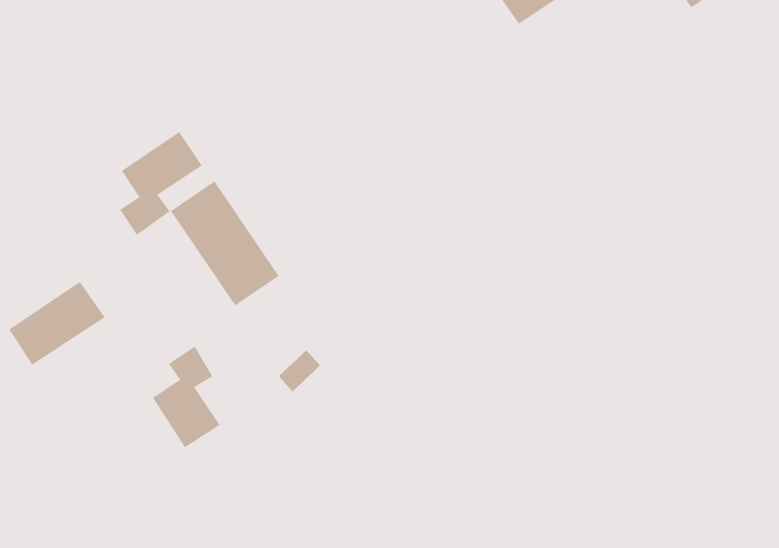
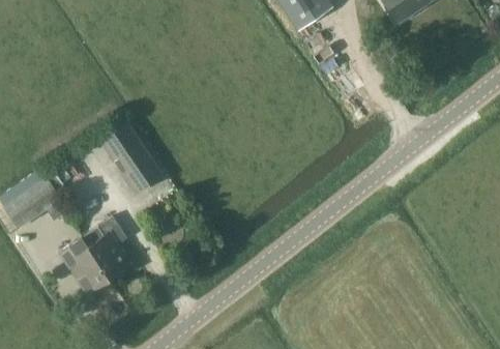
building: [120,131,203,236] -> none
building: none -> [60,236,110,292]

